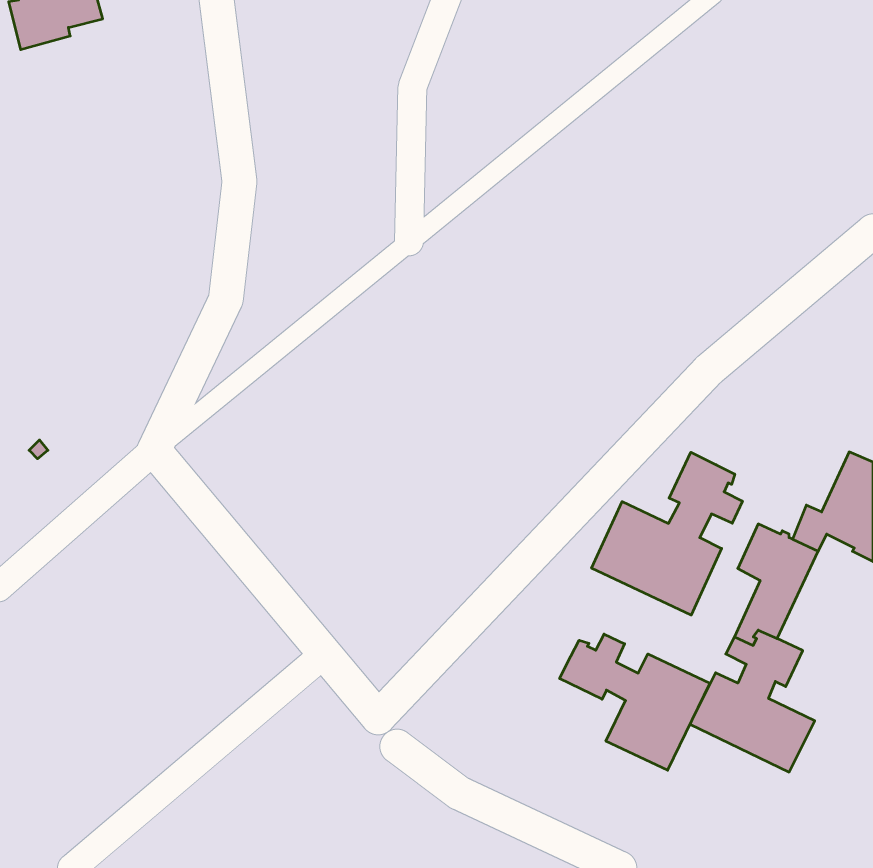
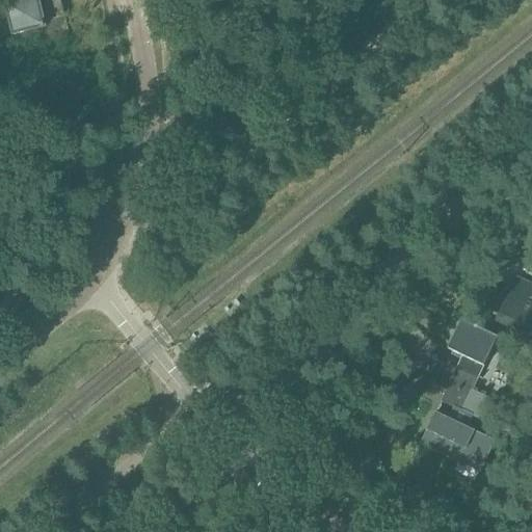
building: [592,452,742,615] -> none
building: [560,634,710,770] -> none

